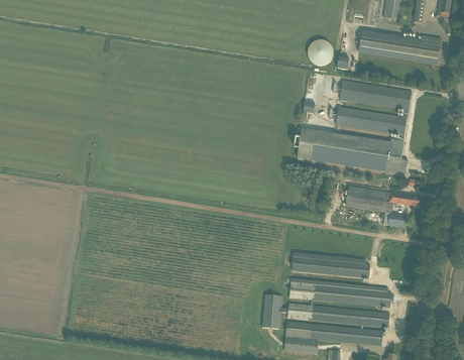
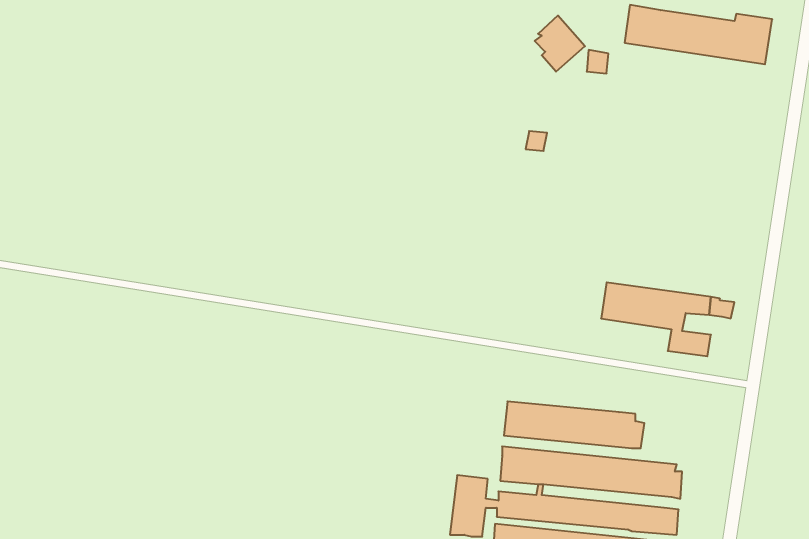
building: [294,80,411,175] -> none

